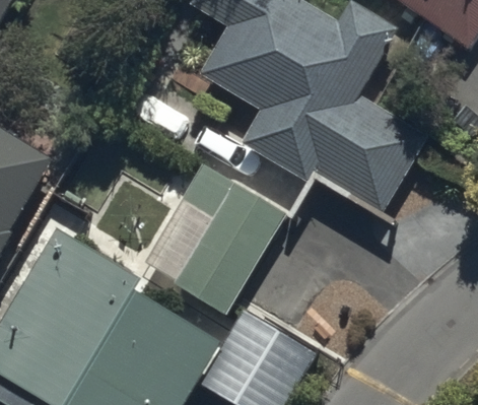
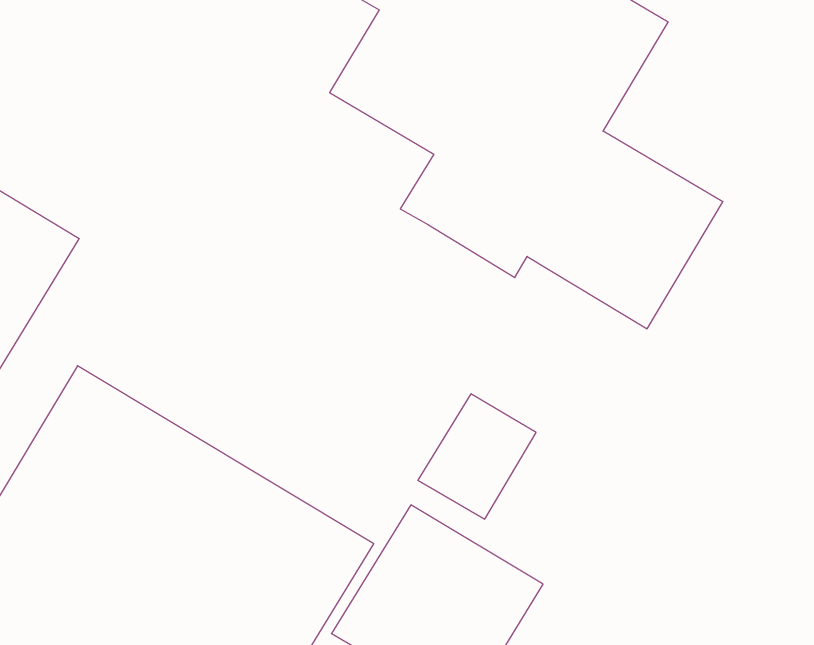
building: [141,165,286,317] -> none

